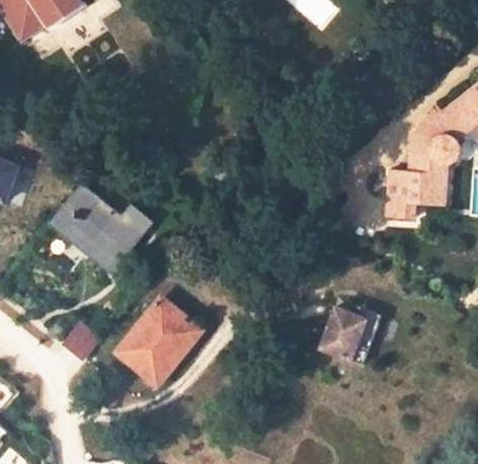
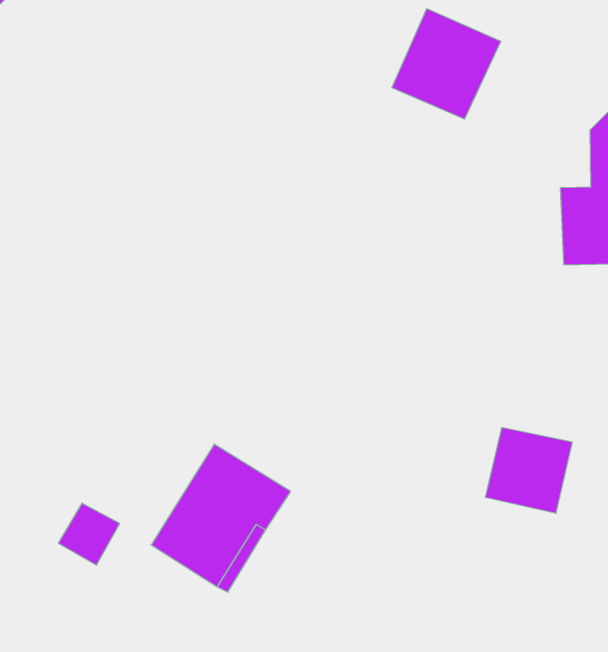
building: none -> [392,9,501,119]
building: [49,182,153,274] -> none

